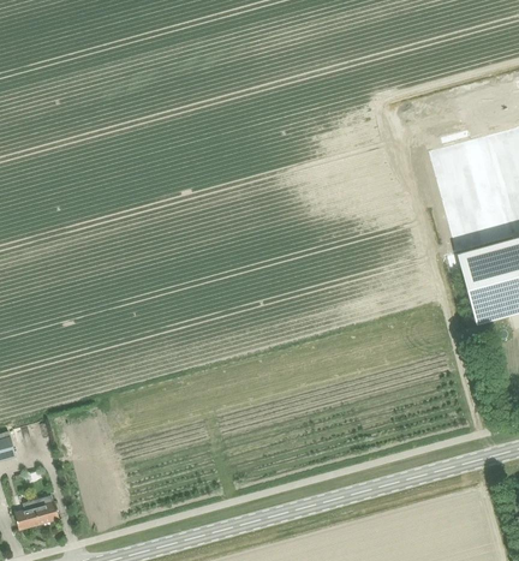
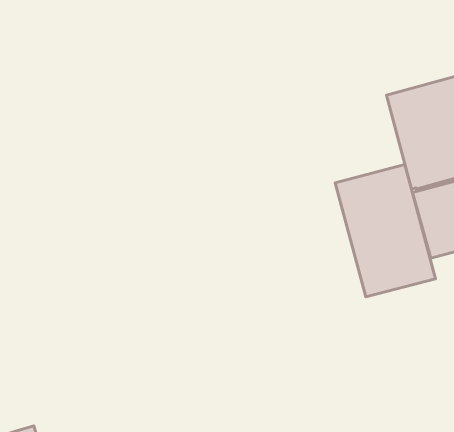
building: none -> [335,165,436,297]

